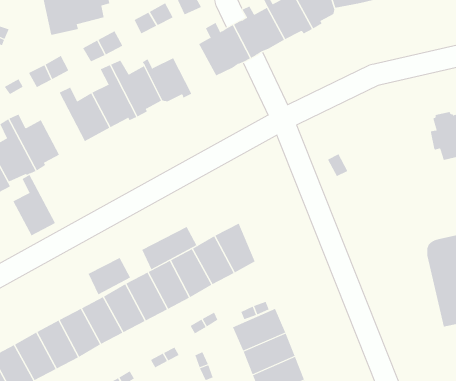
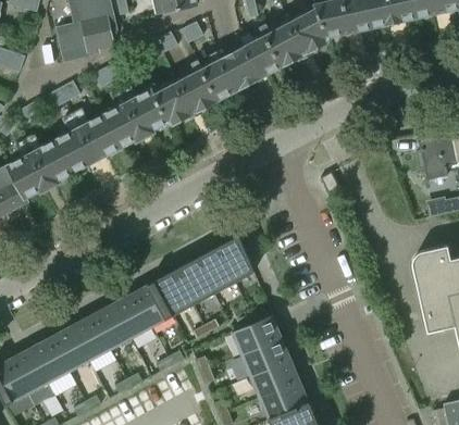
building: none -> [177,62,216,116]
building: [12,174,56,236] -> [54,115,95,173]
building: [142,226,197,270] -> none
building: [88,257,131,295] -> none

